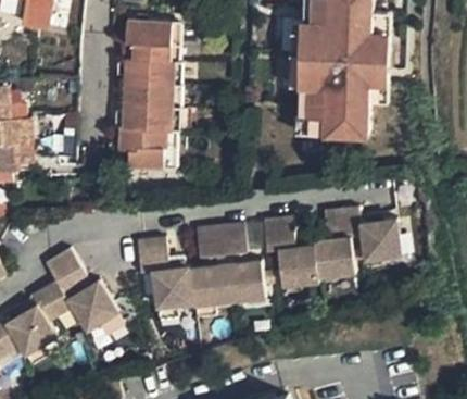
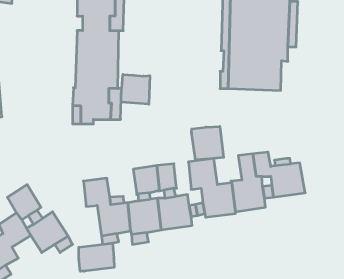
building: none -> [121,74,150,104]
building: none -> [192,126,224,160]
building: none -> [79,243,114,271]

